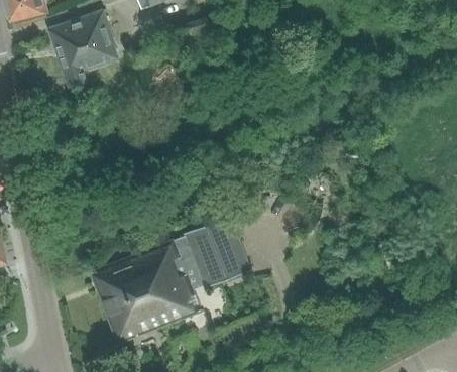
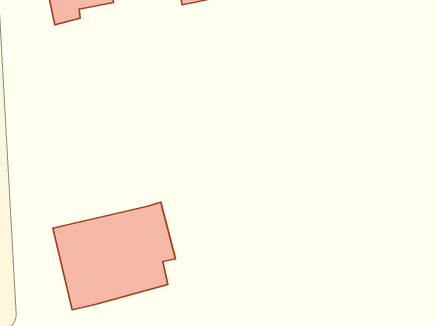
building: [184,218,243,286] -> none

